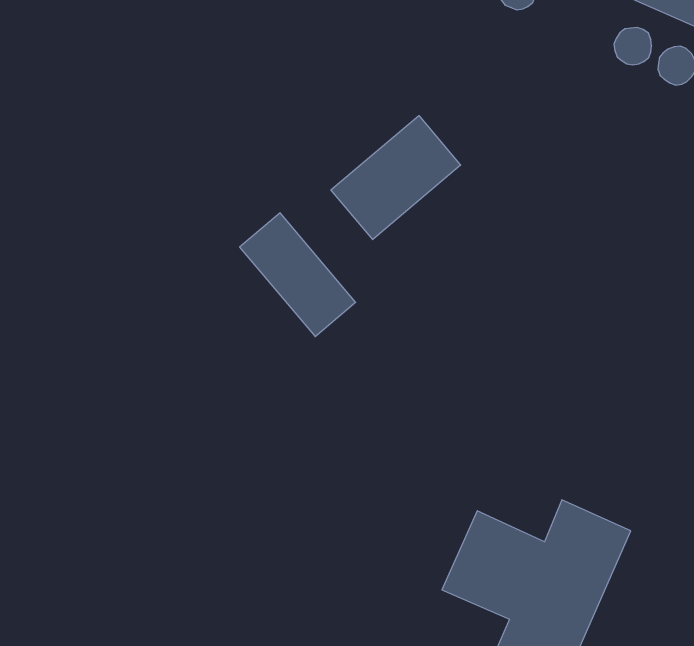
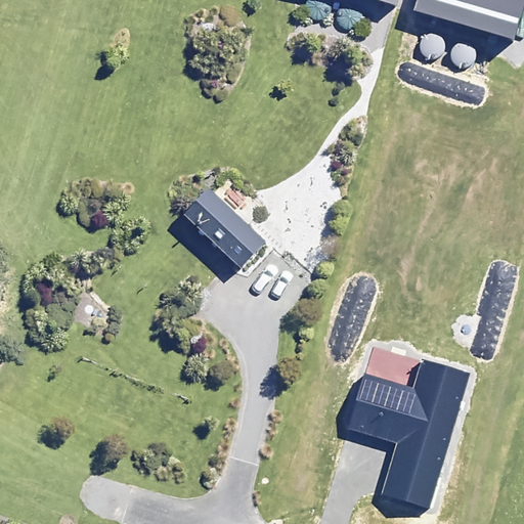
building: [331,116,461,240] -> none

